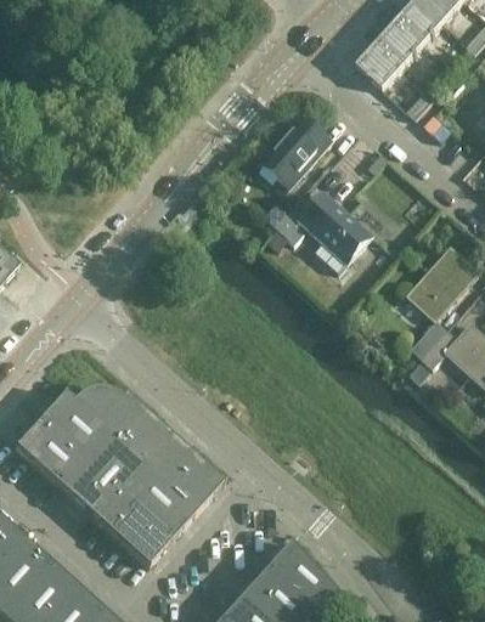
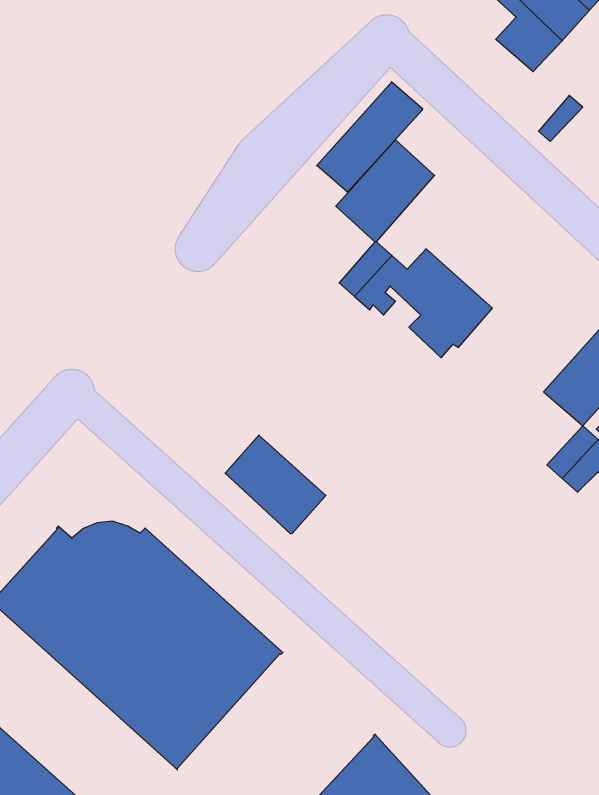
building: [356,44,402,89] -> none
building: none -> [317,82,422,192]
building: none -> [225,435,326,534]

